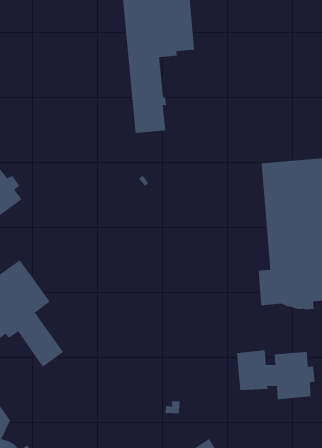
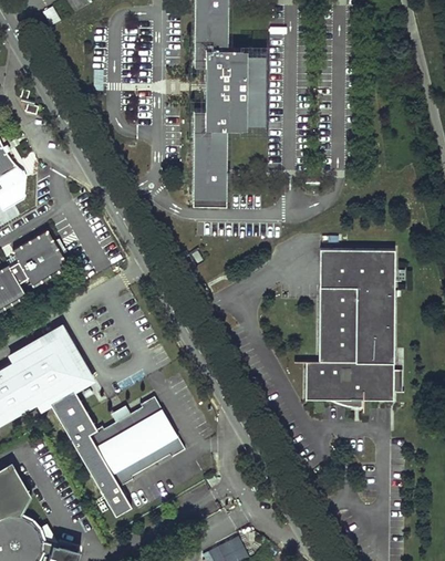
building: none -> [71,395,185,517]
building: [237,350,315,400] -> none

